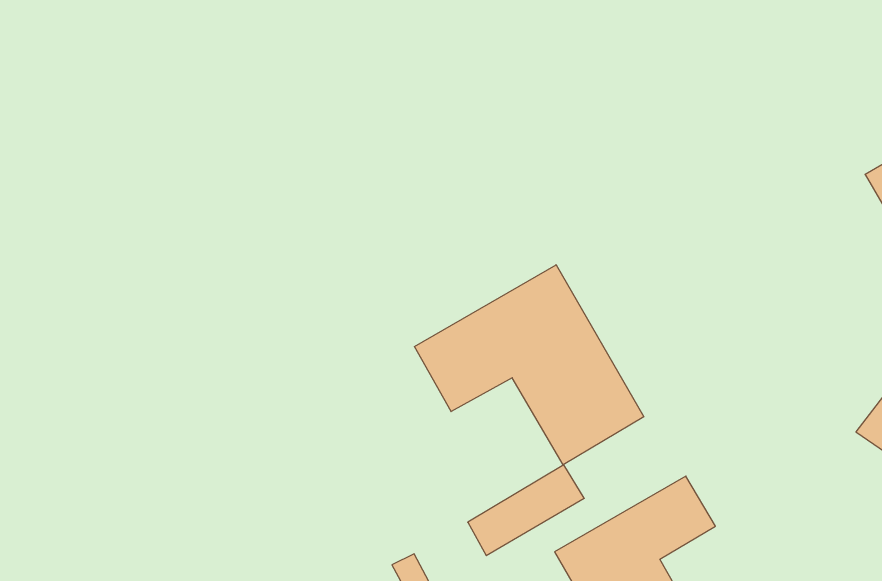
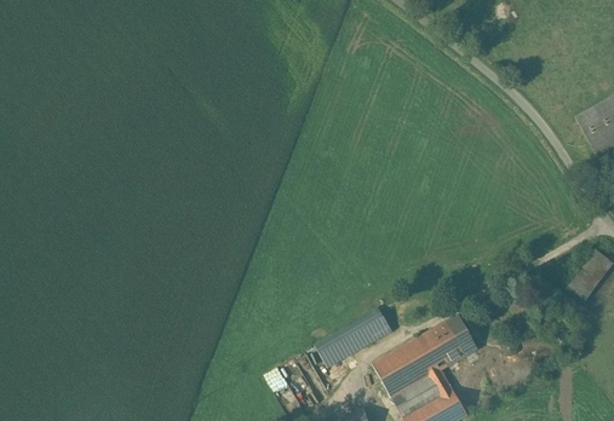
building: [414,265,644,465] -> none

